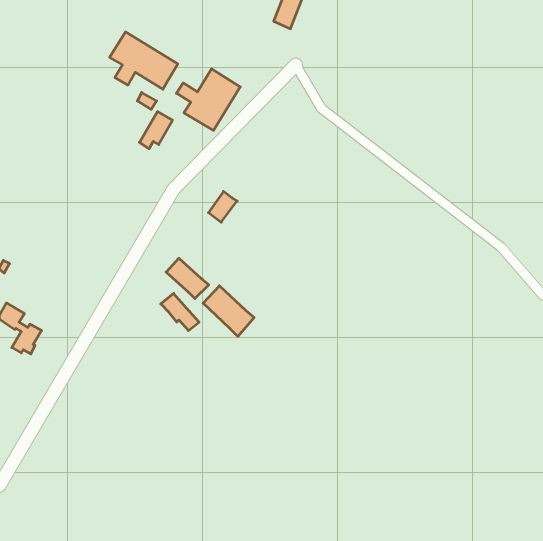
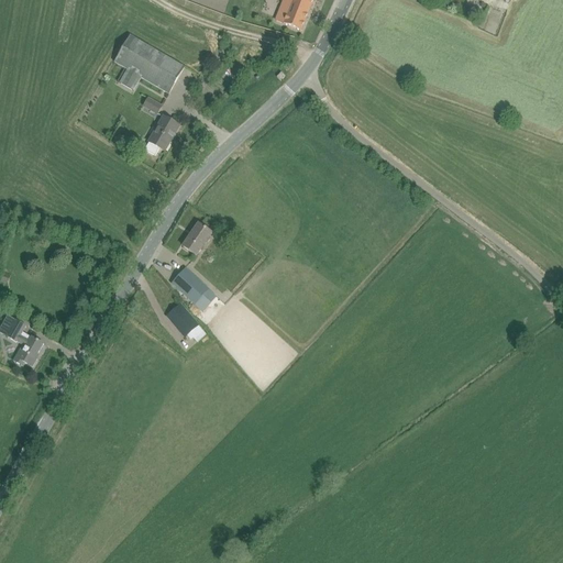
building: [176,69,240,130] -> none
building: [208,191,237,222] -> [183,222,212,254]
building: [203,286,254,336] -> none

